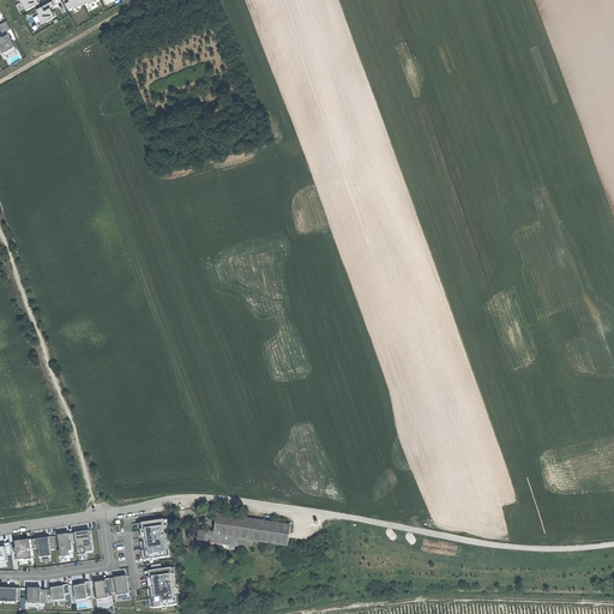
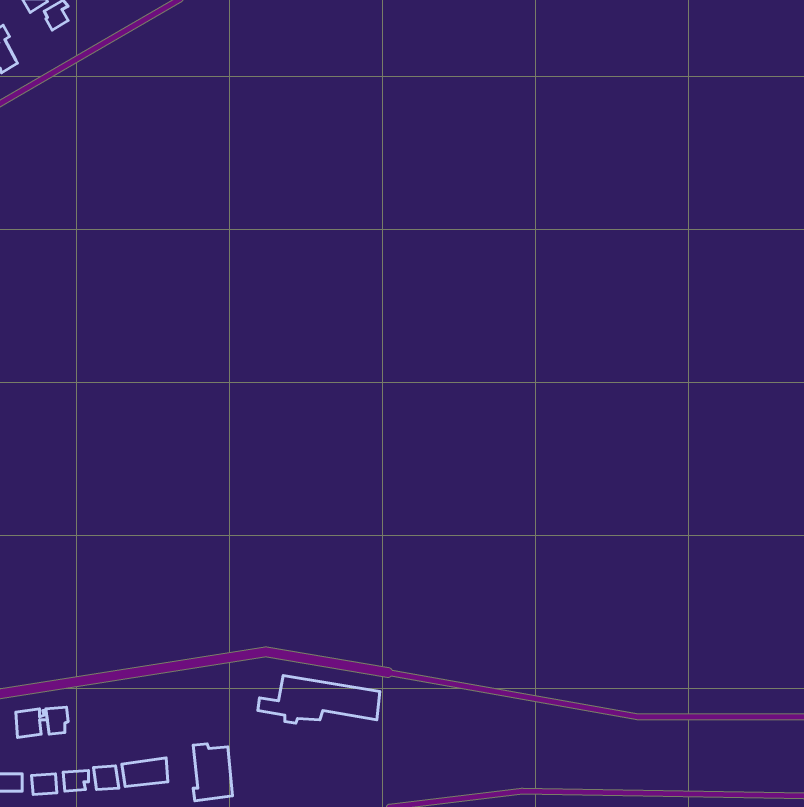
building: [139,518,169,558] -> none
building: [54,530,91,555] -> none

